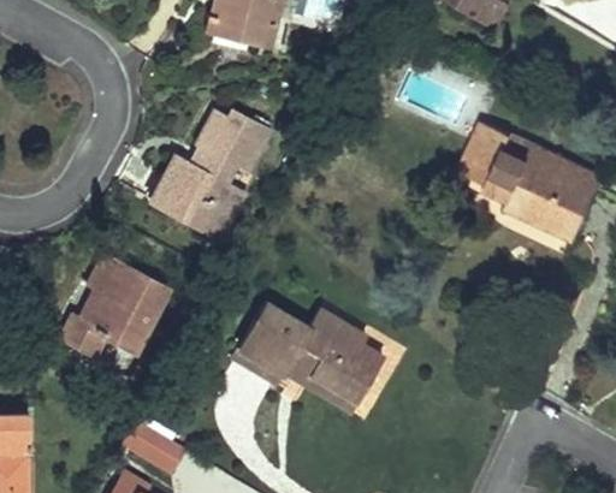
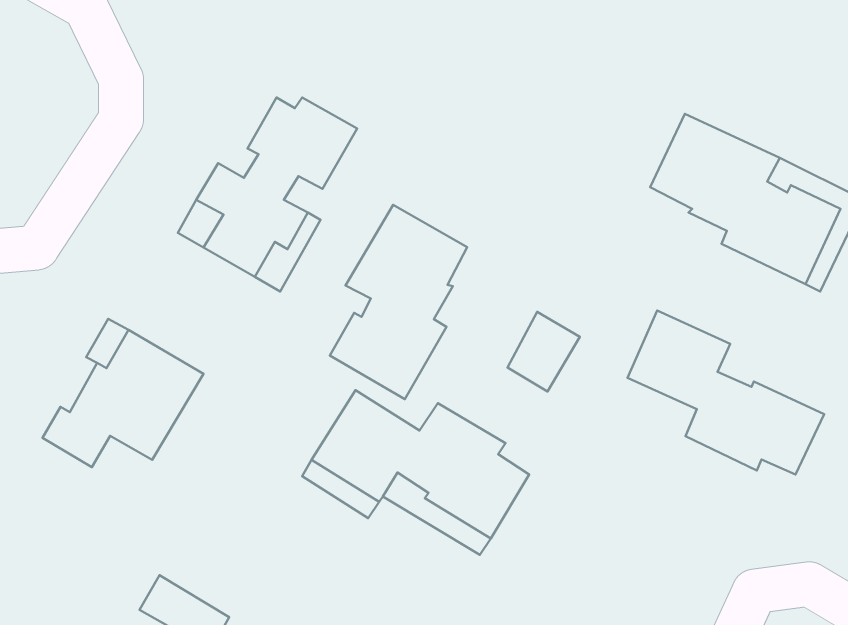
building: none -> [330,205,467,399]
building: none -> [627,310,824,474]
building: none -> [508,312,580,391]

